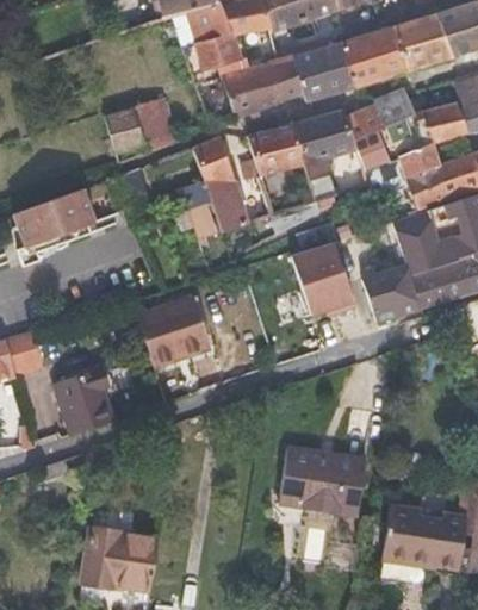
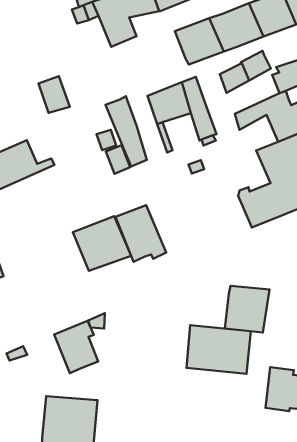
building: [224,56,303,119] -> none
building: [134,98,176,155] -> none
building: [315,108,358,158] -> none
building: [291,242,355,316] -> [115,205,166,262]
building: [62,365,118,432] -> [54,321,98,373]
building: none -> [225,286,269,333]

